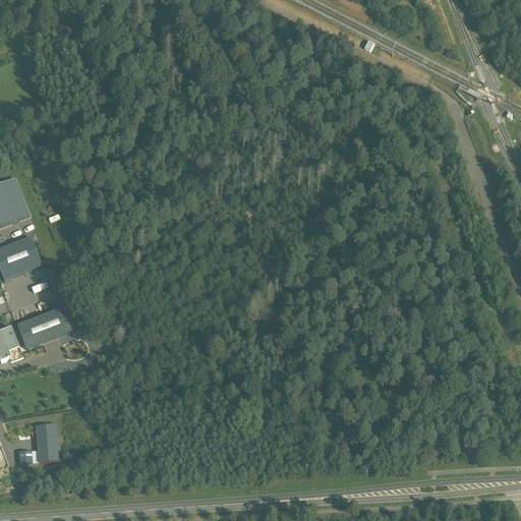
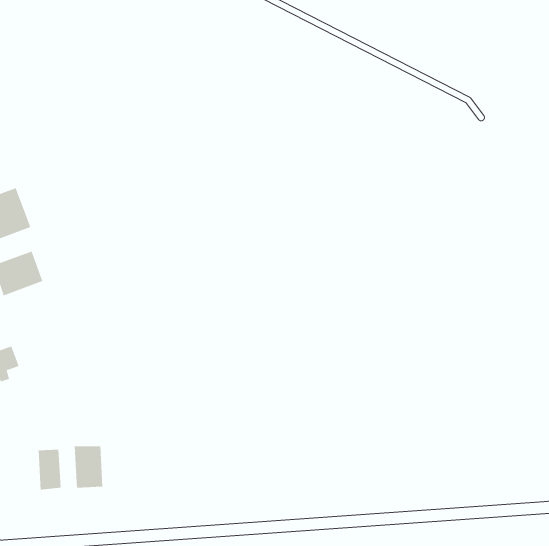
building: [17,307,73,349] -> none
building: none -> [74,445,103,489]

